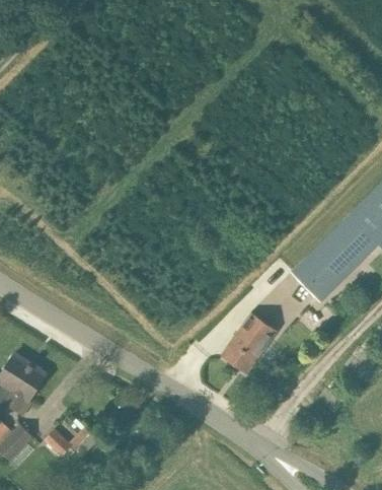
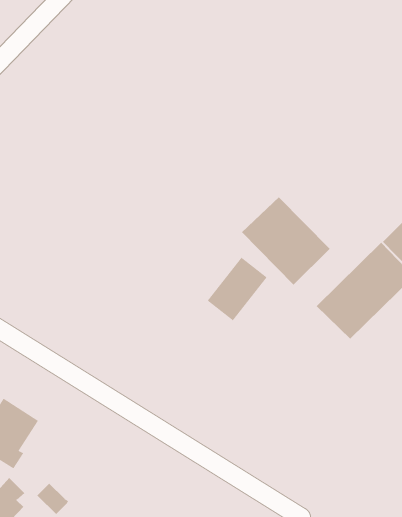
building: none -> [241,196,330,285]
building: [222,314,276,371] -> [207,257,268,321]

